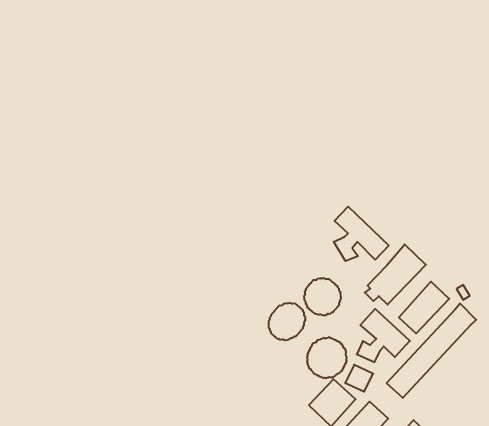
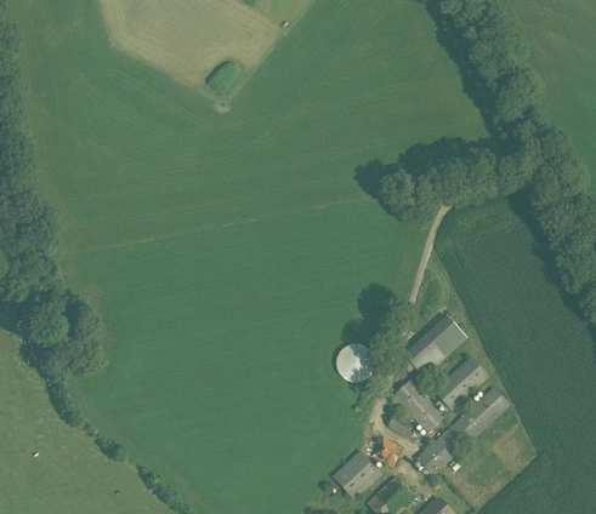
building: [334,207,389,261] -> none
building: [269,303,305,340] -> none
building: [307,337,346,378] -> none

